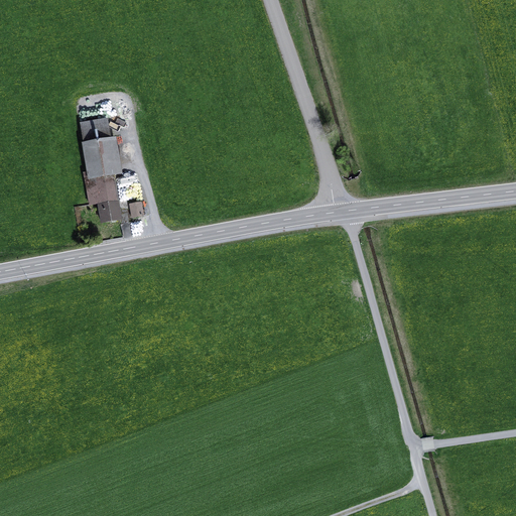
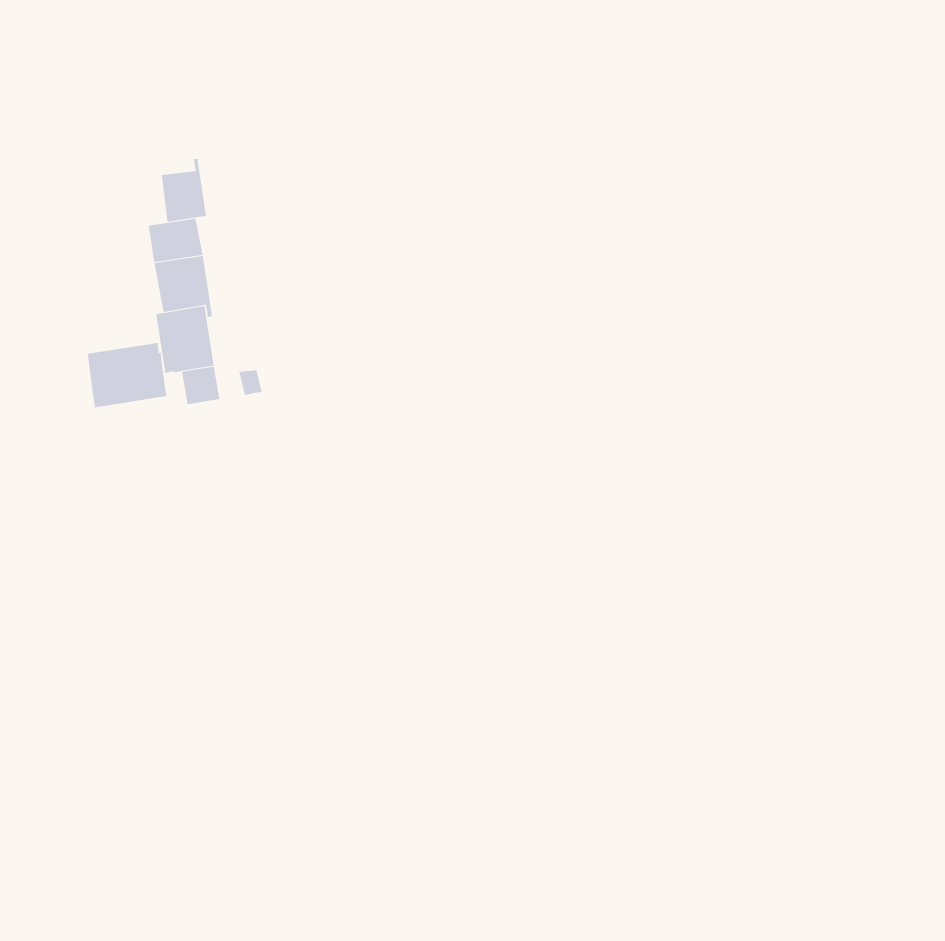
building: none -> [161,158,207,223]
building: none -> [88,342,167,408]

